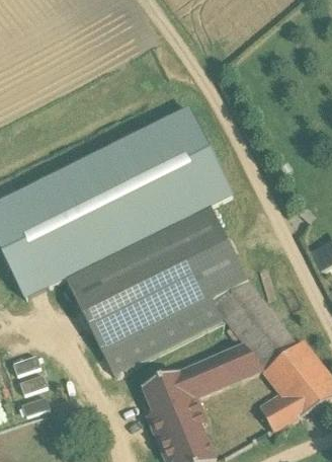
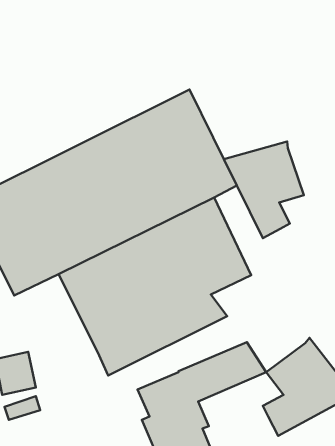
building: none -> [224,141,304,238]
building: [210,280,298,371] -> none

